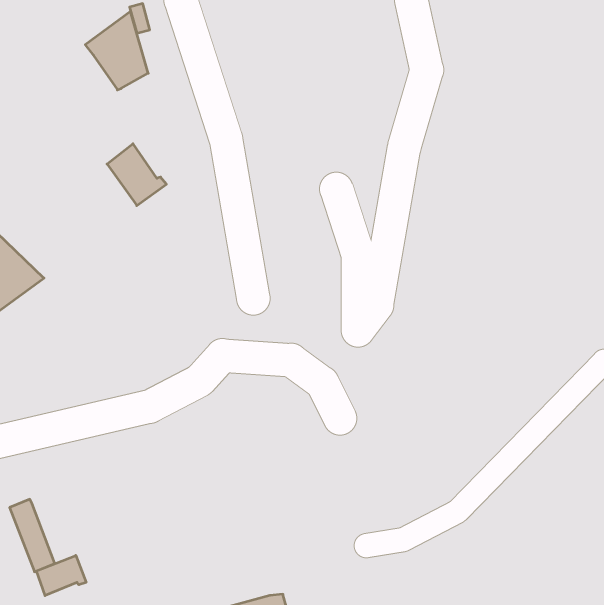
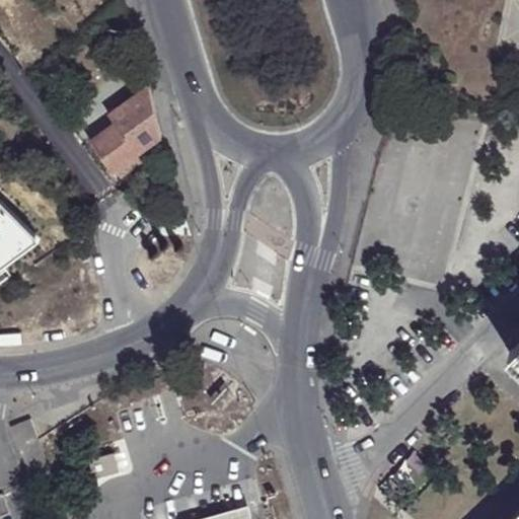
building: [85,11,148,90] -> [106,87,160,154]
building: [37,555,86,596] -> none

